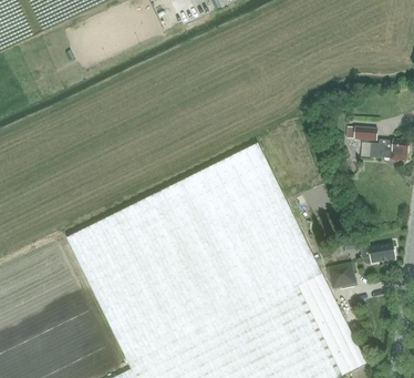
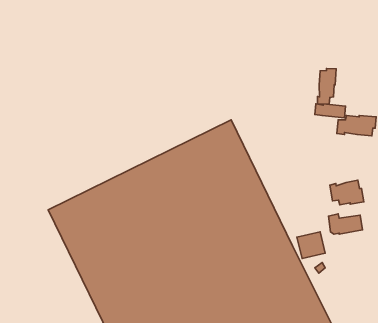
building: none -> [318,69,336,104]
building: none -> [330,180,364,205]

